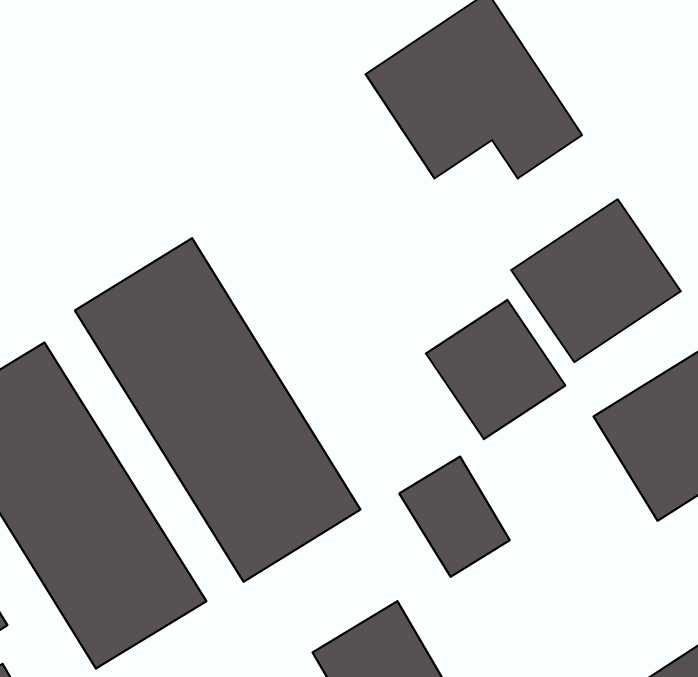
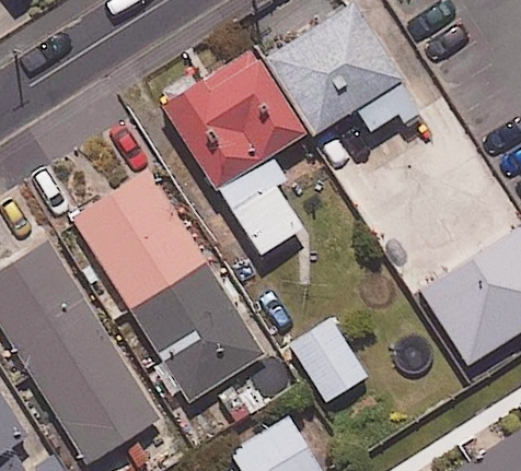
building: none -> [163,45,315,255]
building: [511,199,681,362] -> none
building: [426,300,565,439] -> none

